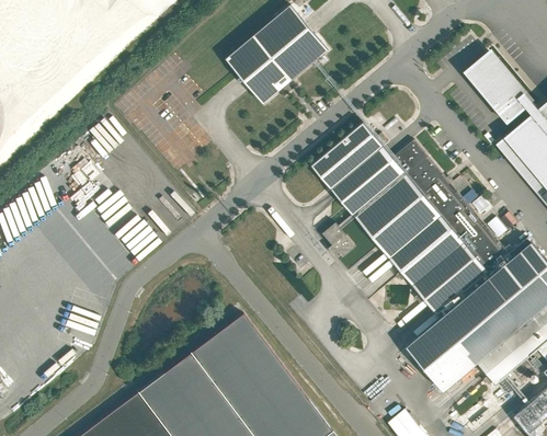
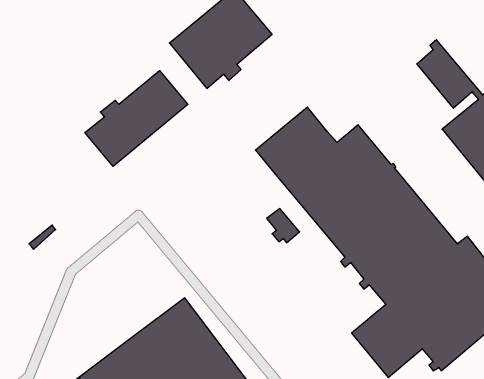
building: none -> [85,71,188,166]

